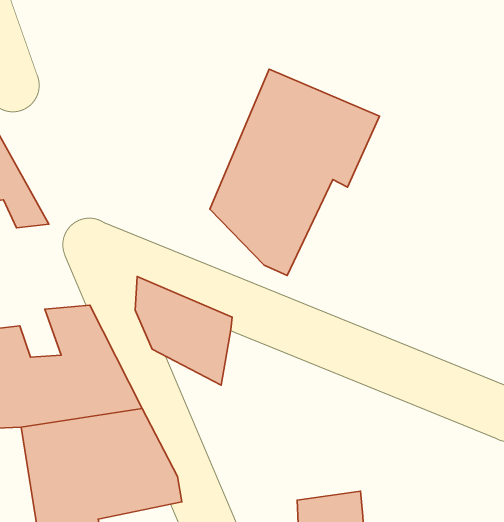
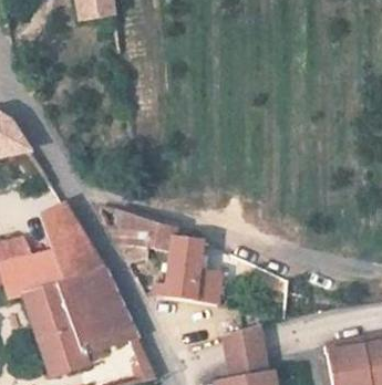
building: [210,69,379,275] -> none
building: none -> [162,231,218,305]

